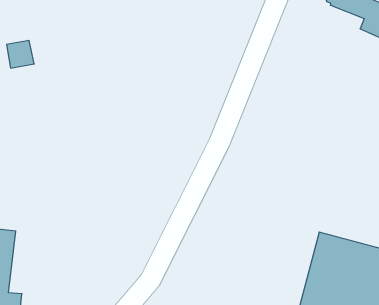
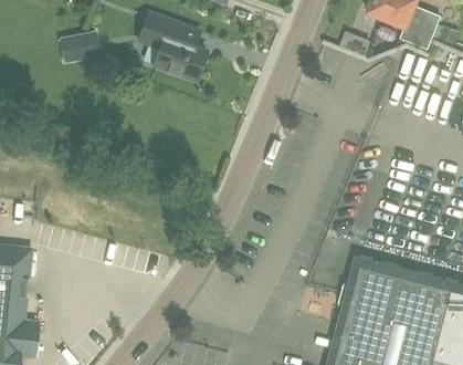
building: none -> [138,11,207,79]
building: [7,40,34,68] -> [59,31,88,61]

